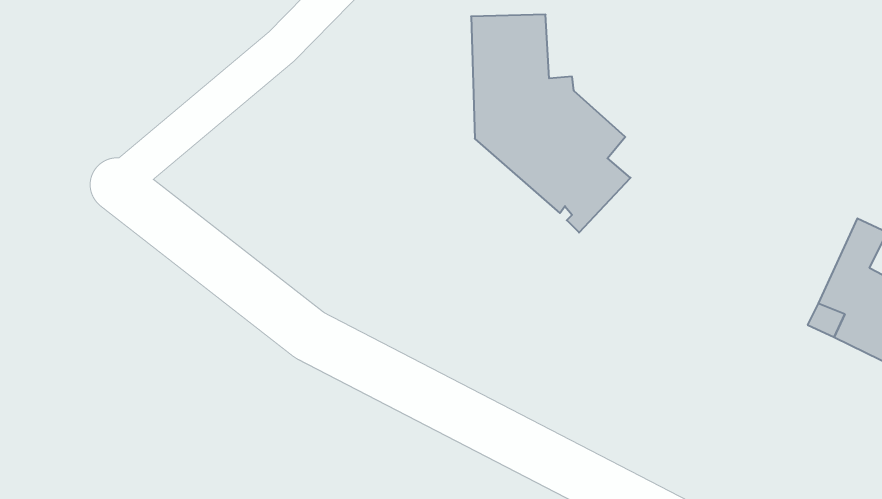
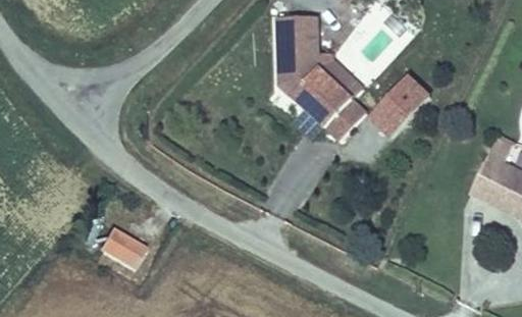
building: none -> [370,69,436,136]
building: none -> [98,229,143,265]

